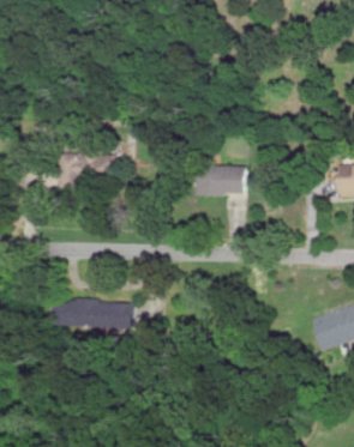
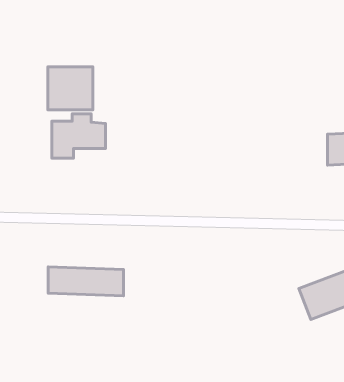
building: none -> [48,67,93,110]
building: [197,164,245,193] -> none

